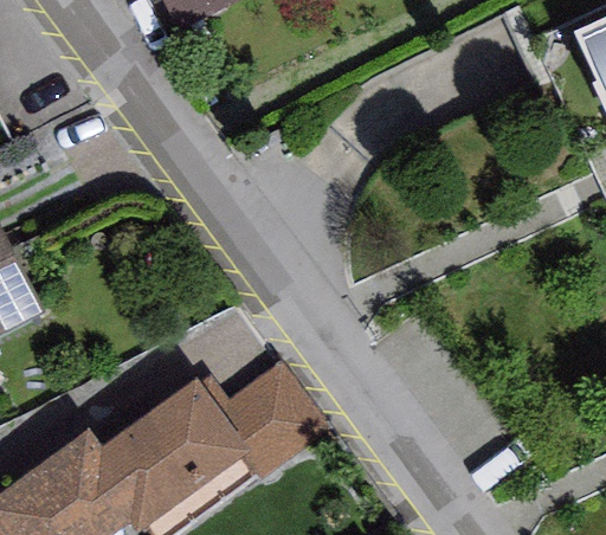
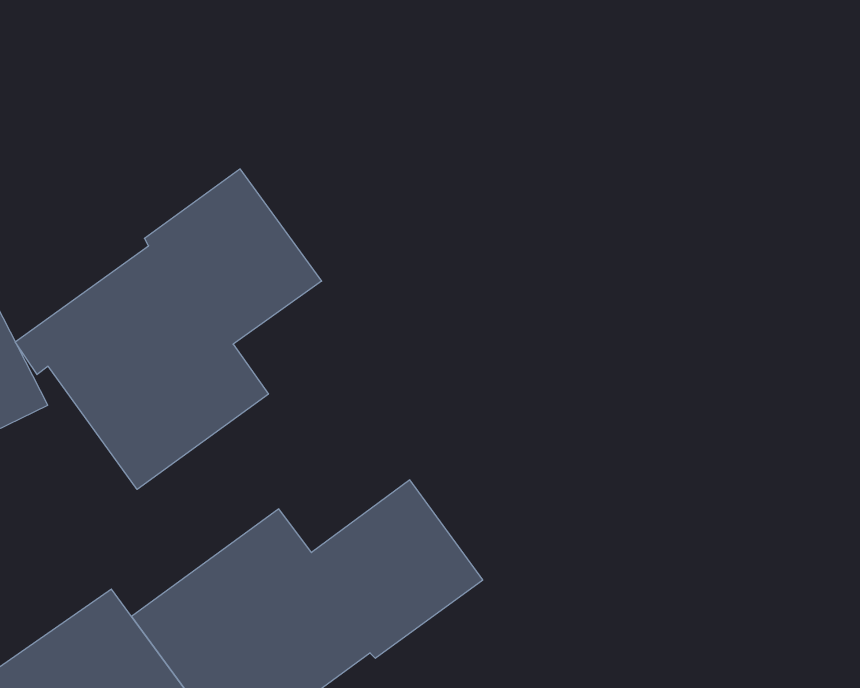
building: none -> [15,169,322,489]

